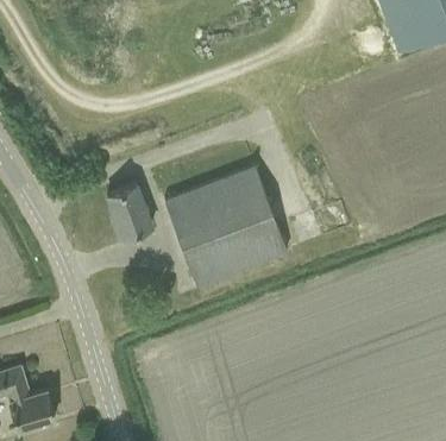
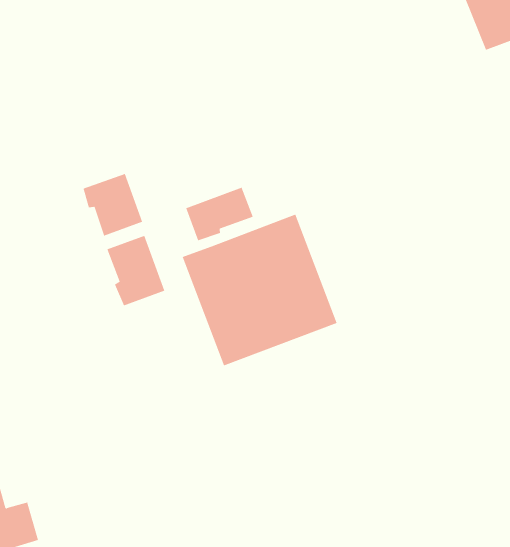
building: none -> [83,173,143,236]
building: none -> [186,187,253,241]

